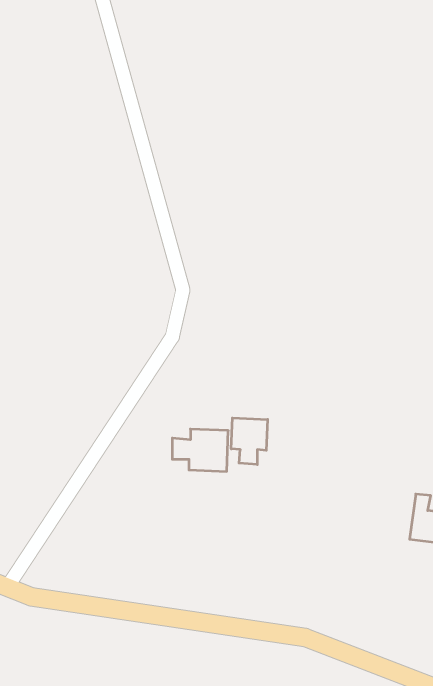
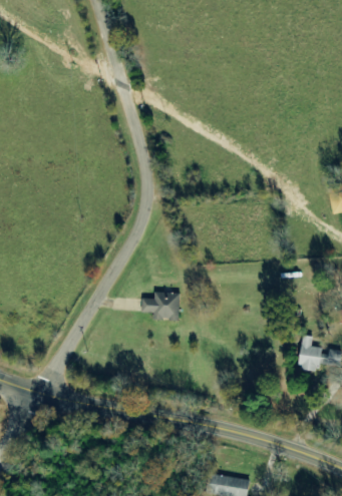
building: [231,418,268,465] -> none

